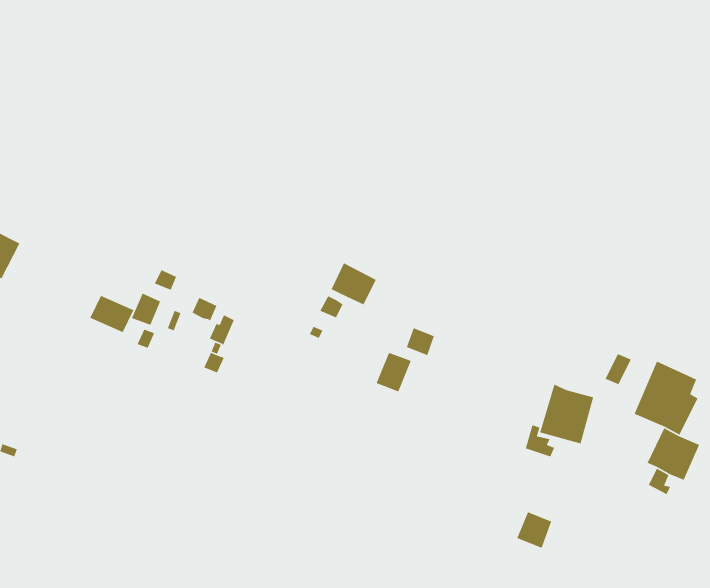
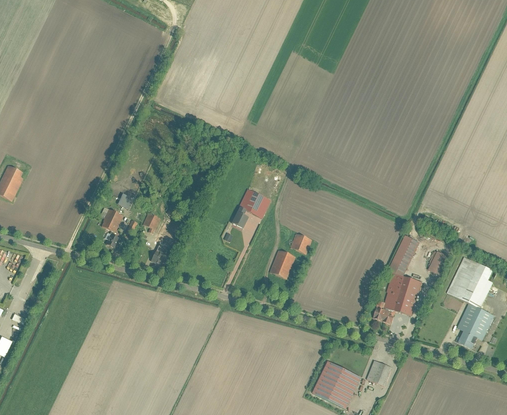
building: [89,295,135,333] -> none
building: none -> [388,236,418,276]
building: none -> [312,361,361,409]

